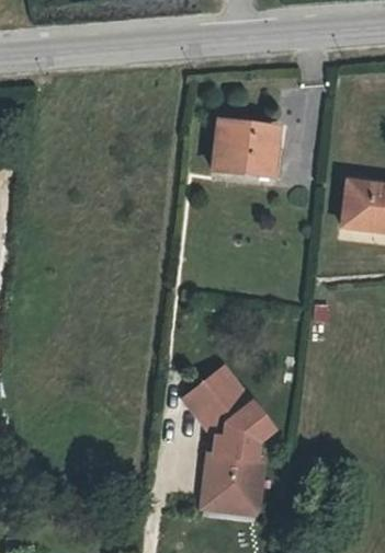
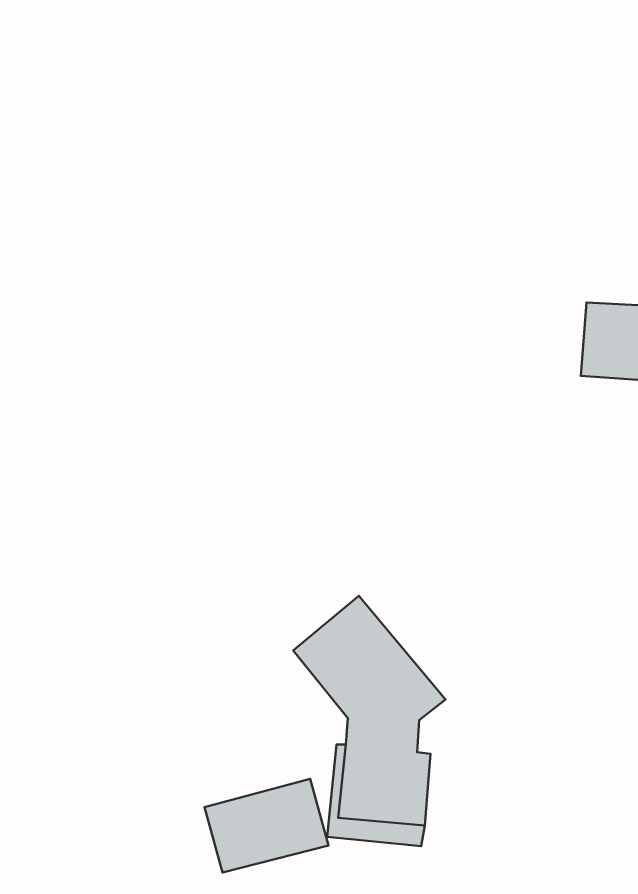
building: [211,119,270,171] -> none
building: none -> [204,779,329,872]

